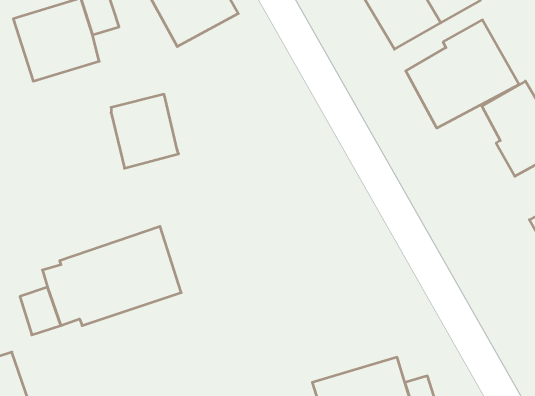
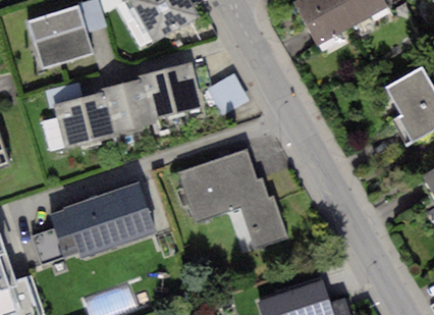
building: [406,20,519,128] -> none
building: none -> [142,62,204,121]
building: none -> [207,73,249,114]
building: none -> [54,93,114,151]
building: none -> [177,149,286,247]

